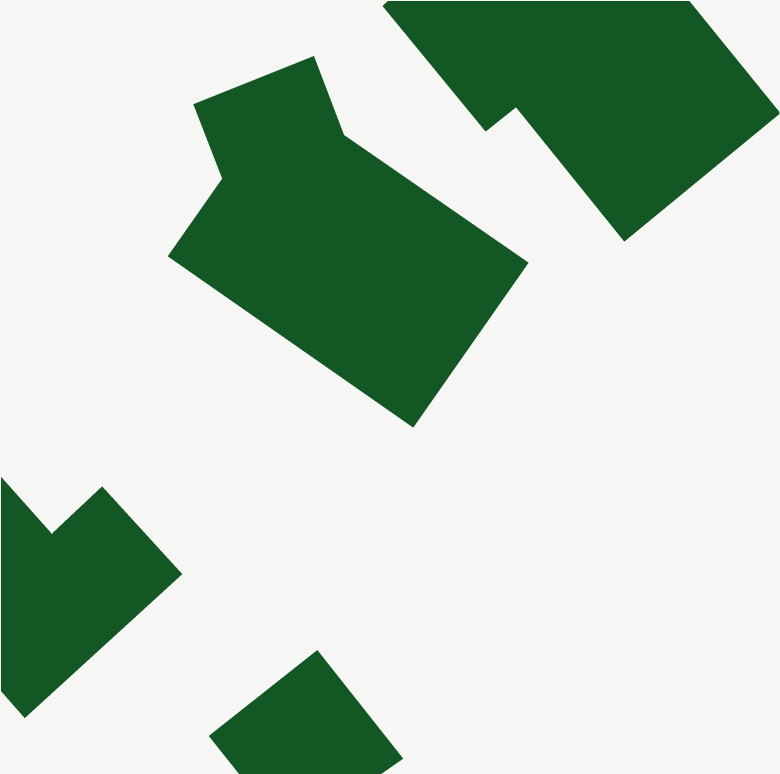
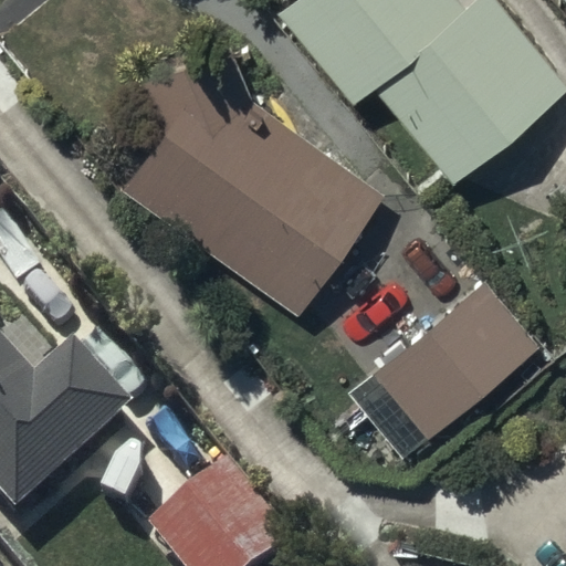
building: none -> [370,279,537,438]

